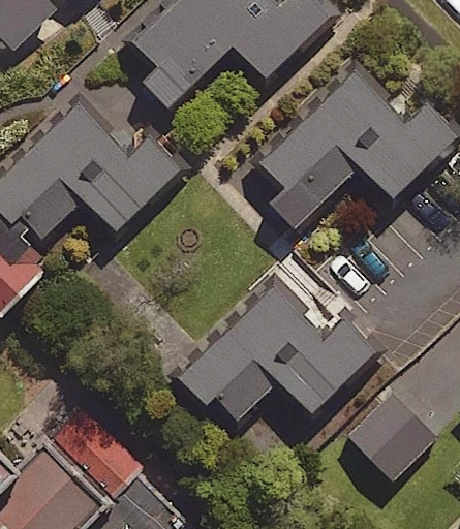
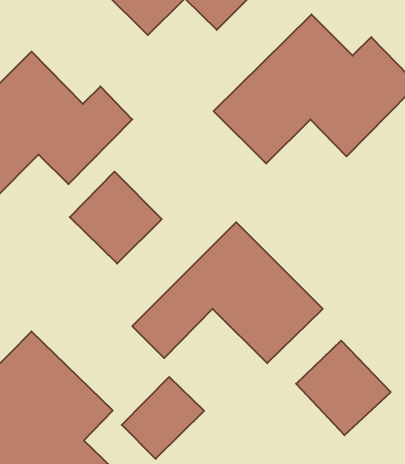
building: none -> [70,172,162,264]
building: none -> [122,377,204,459]

